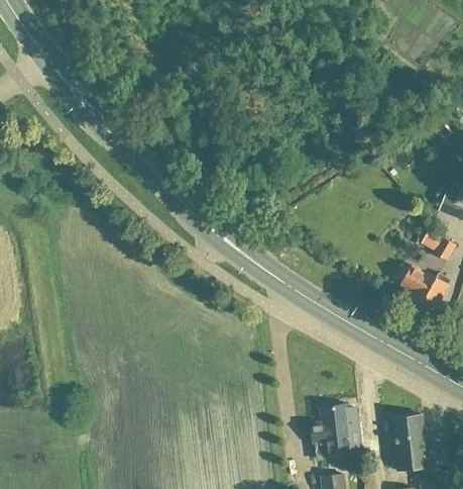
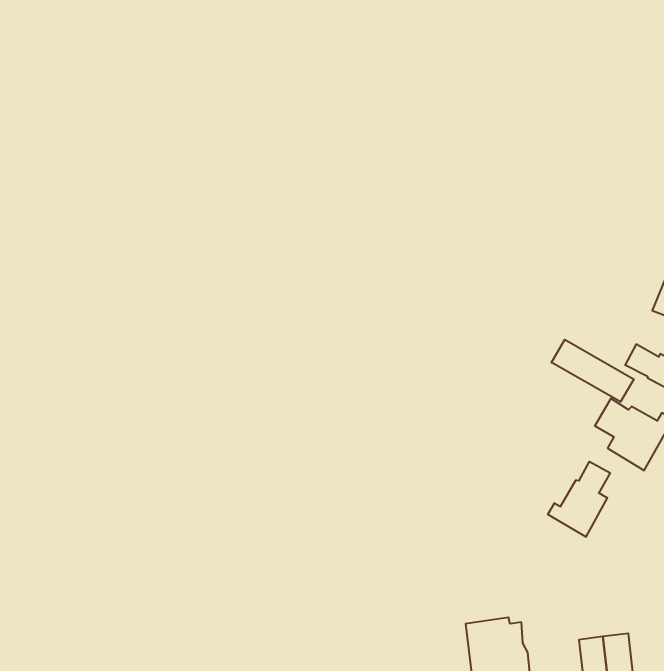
building: none -> [551,340,634,402]
building: none -> [548,462,610,537]

